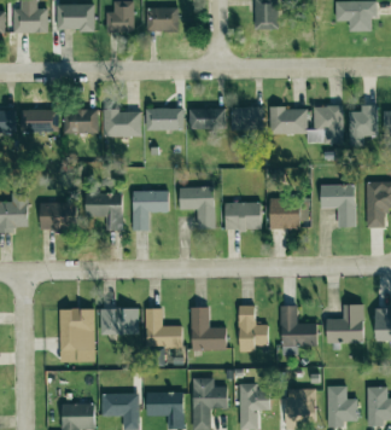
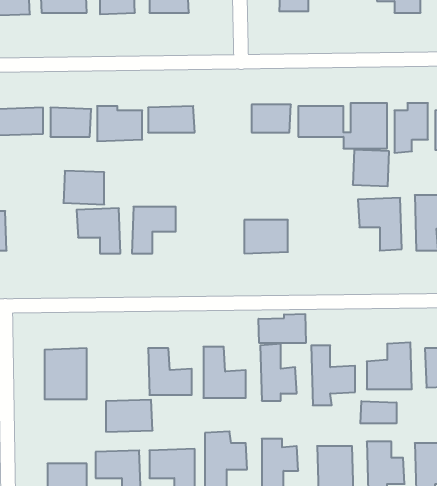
building: [189,107,226,129] -> none
building: [180,186,215,228] -> none
building: [270,198,300,228] -> [353,150,389,186]
building: [40,202,74,229] -> [63,171,104,204]
building: none -> [259,314,306,343]
building: [101,308,140,335] -> [106,400,153,432]
building: none -> [360,401,396,423]

